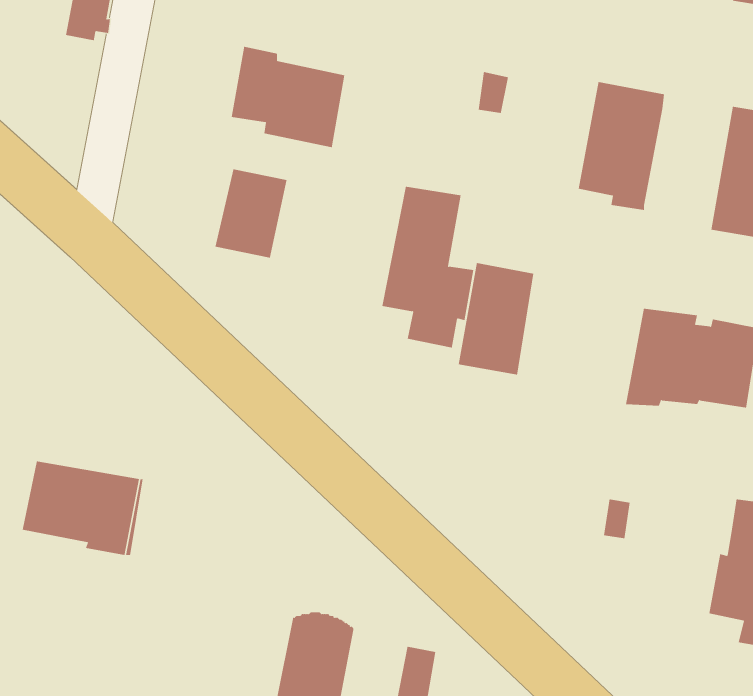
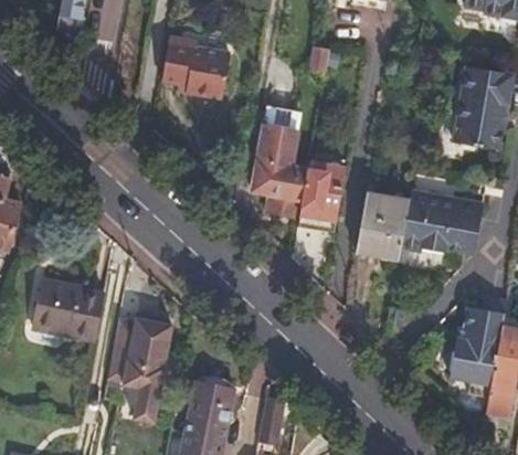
building: [578,81,665,211] -> [358,174,411,253]
building: [215,168,287,259] -> none
building: none -> [108,309,175,419]

